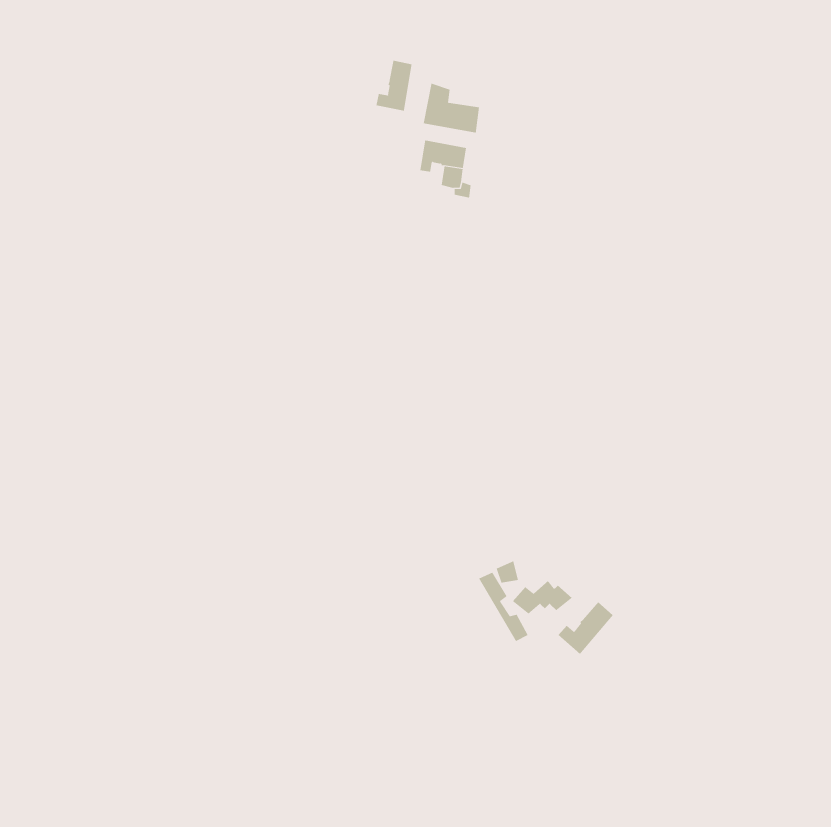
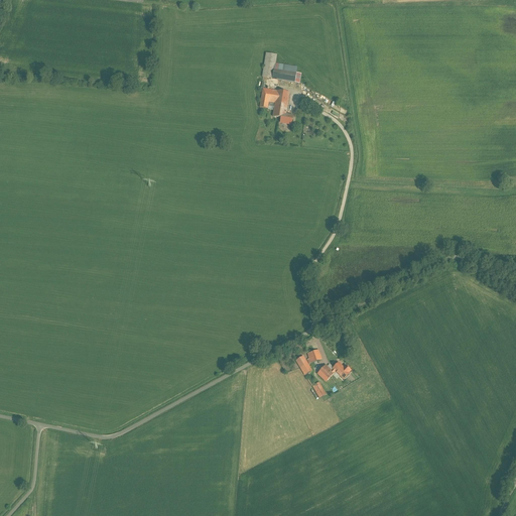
building: [376,60,412,111] -> none
building: [558,602,614,655] -> none

